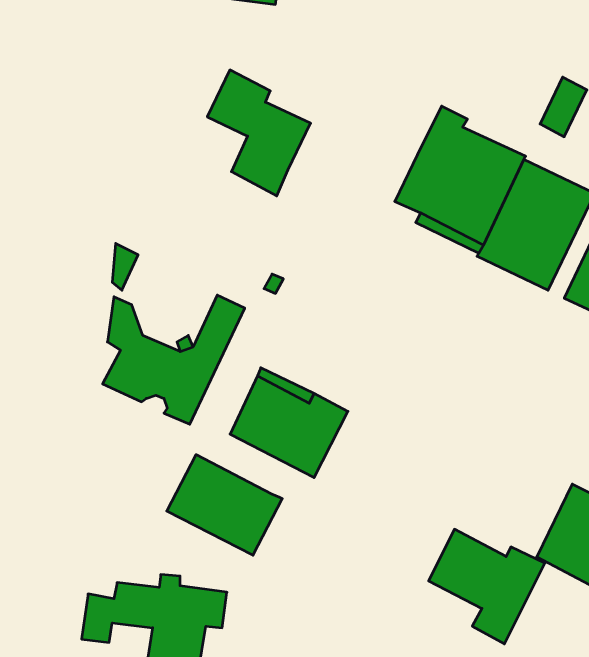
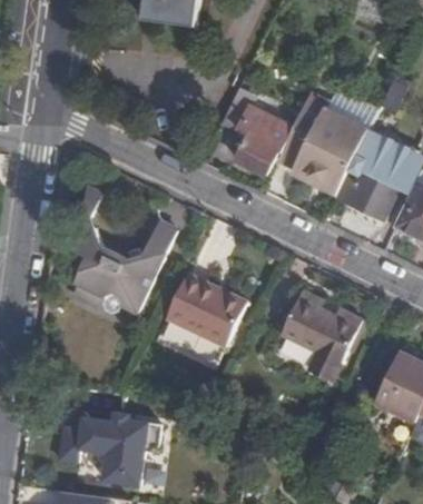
building: [207,70,311,196] -> [222,89,293,176]
building: [167,455,282,555] -> none
building: [429,529,545,644] -> [281,297,361,376]

